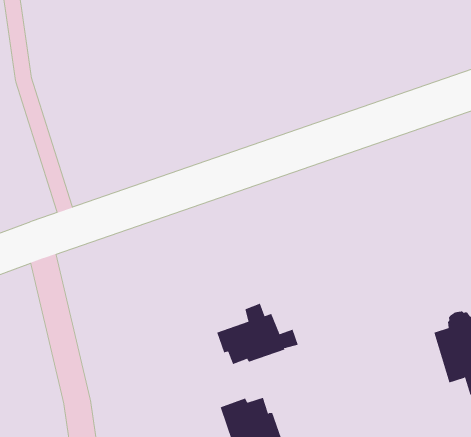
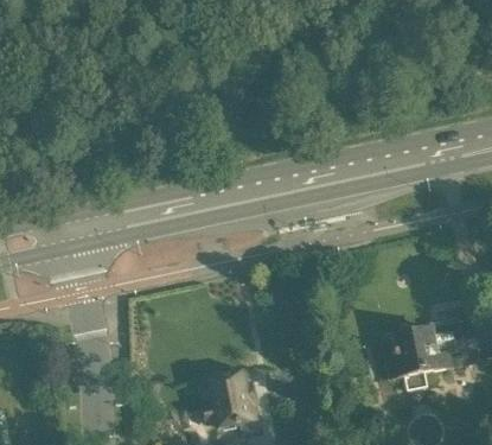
building: [217,303,298,365] -> none

